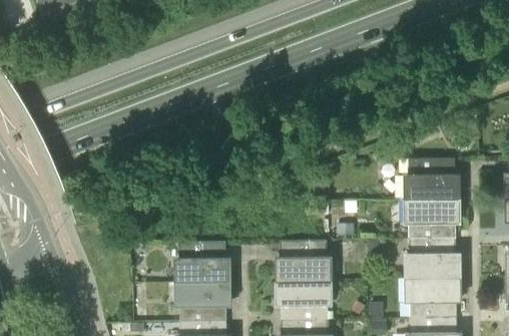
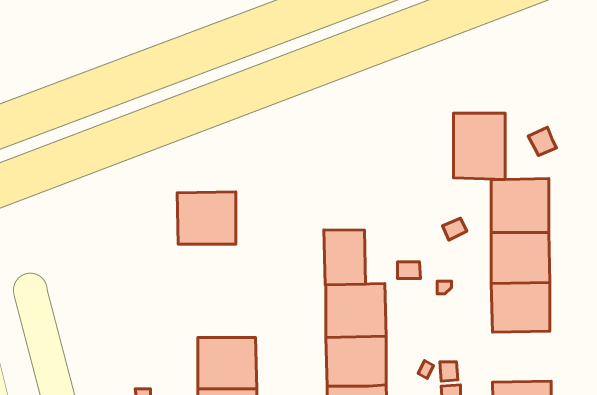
building: none -> [453,113,505,180]
building: none -> [324,230,366,285]
building: [179,241,225,282] -> [177,192,236,244]
building: [411,277,457,317] -> none

